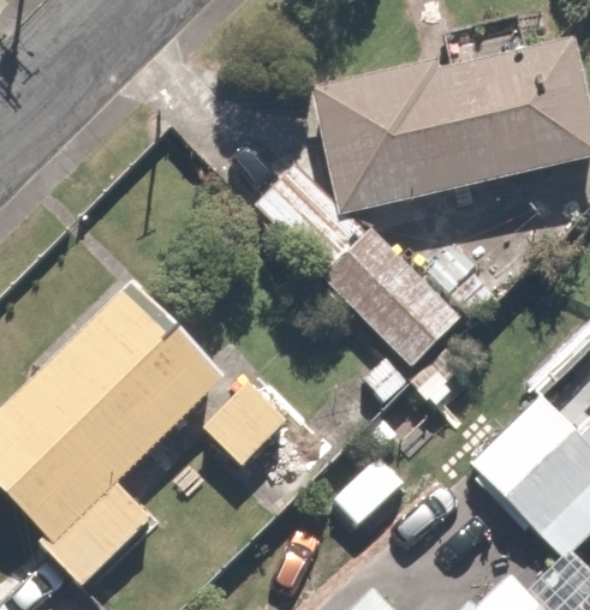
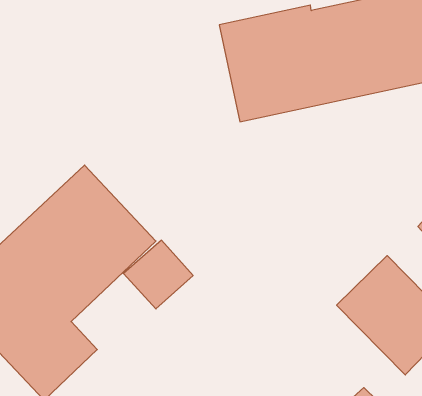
building: [320,226,457,363] -> none

